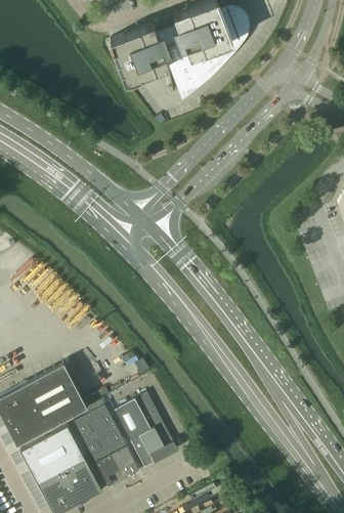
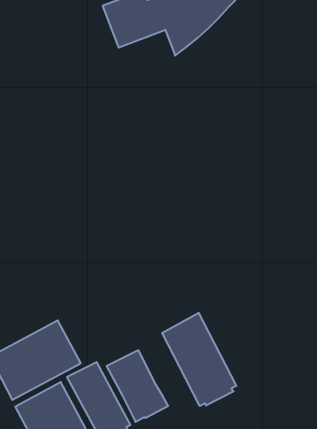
building: none -> [162,313,236,406]

